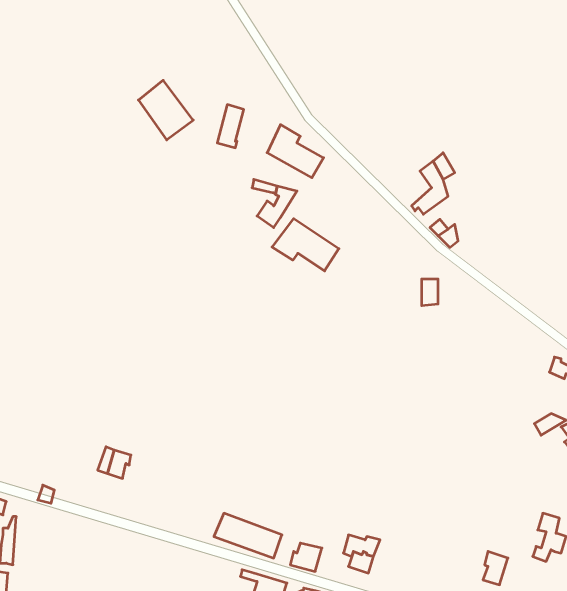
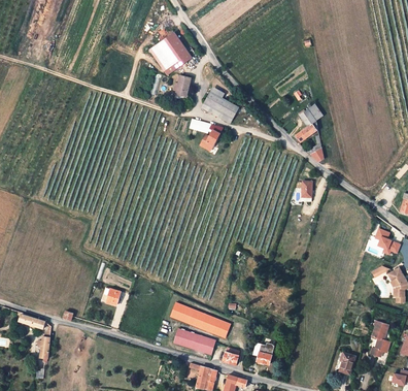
building: [138,80,193,140] -> [160,32,194,69]
building: [272,219,339,271] -> none
building: none -> [171,302,230,336]

